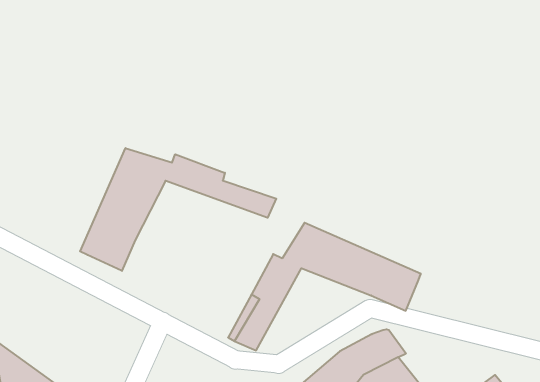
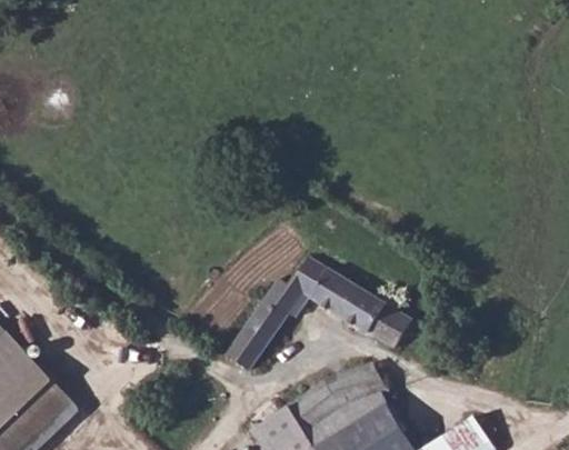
building: [80,148,276,271] -> none

